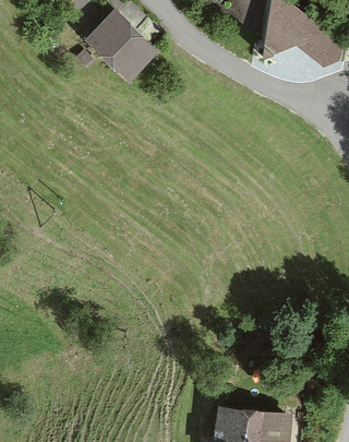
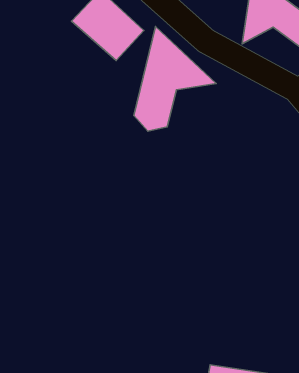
building: none -> [134,27,216,131]

